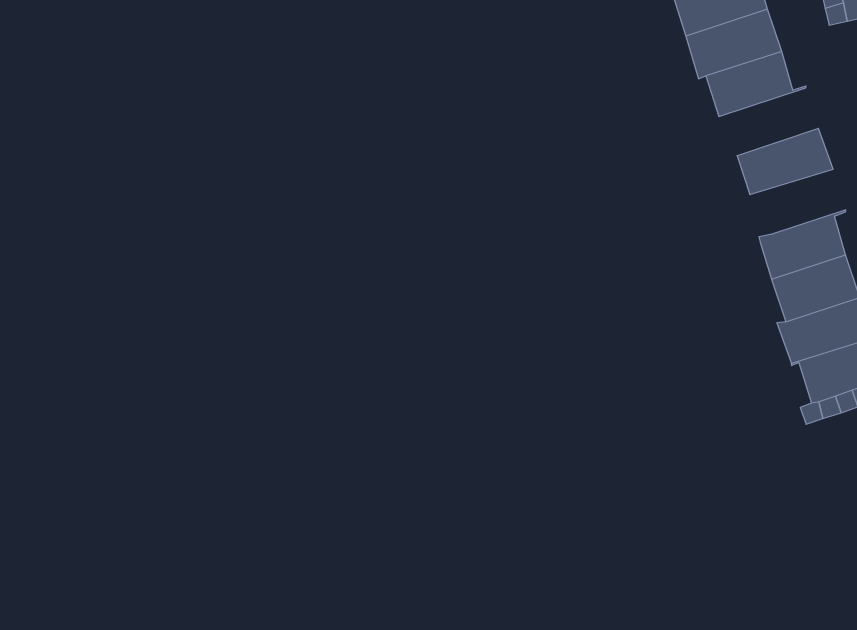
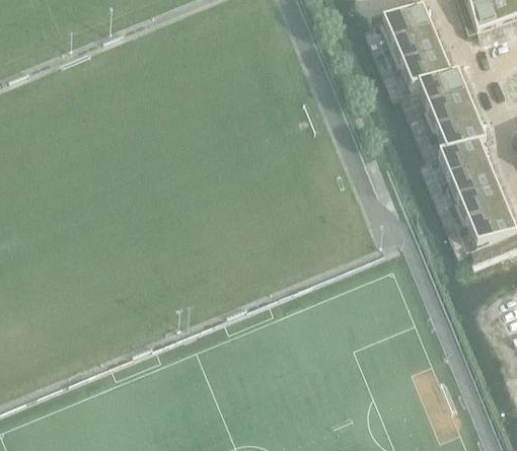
building: none -> [414,65,470,106]
building: none -> [435,109,490,149]

